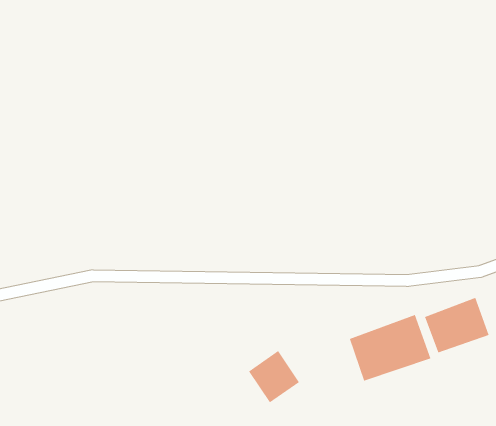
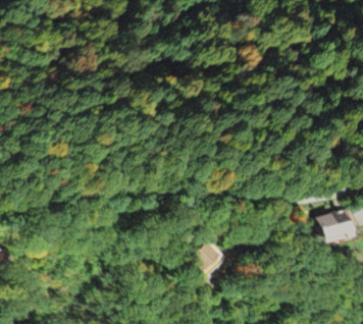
building: [349,314,431,382] -> none

